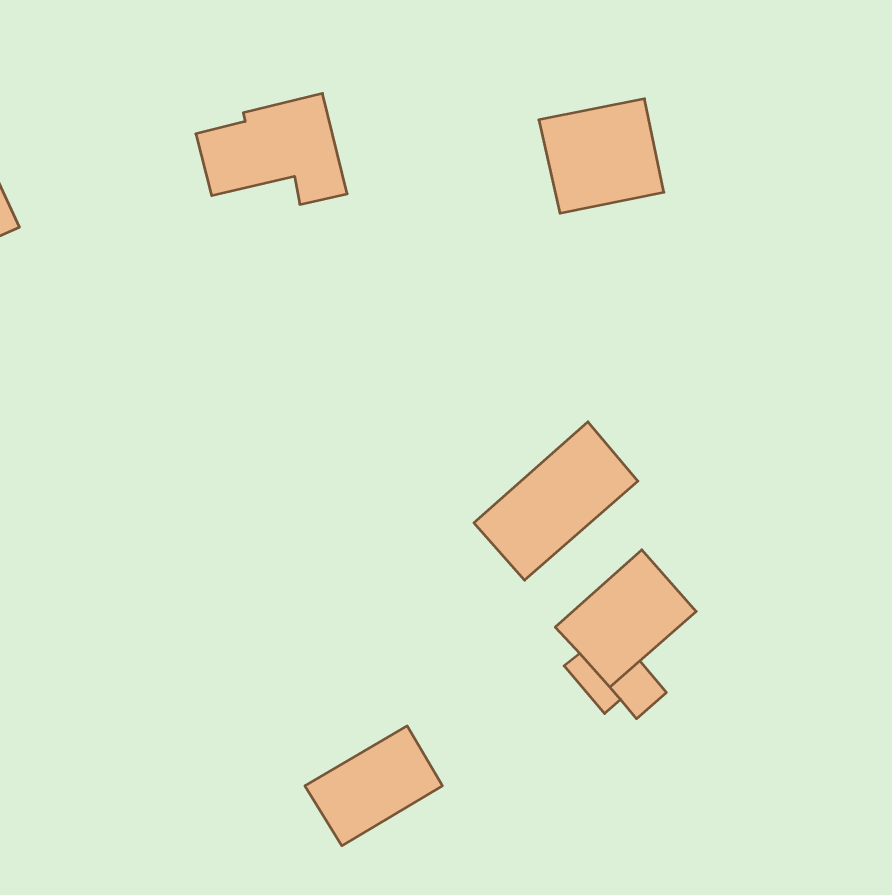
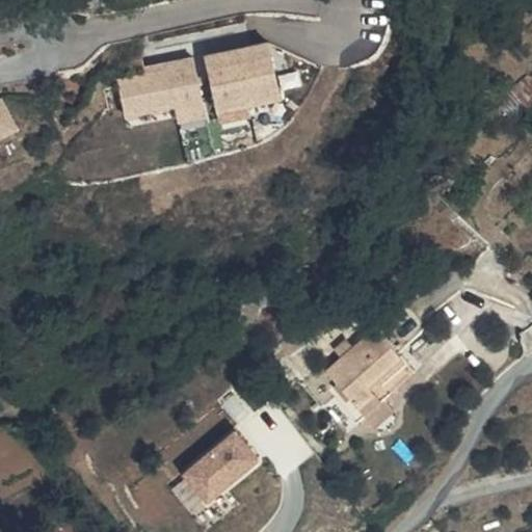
building: [539,99,664,213] -> [203,45,276,112]
building: [474,422,638,580] -> none

